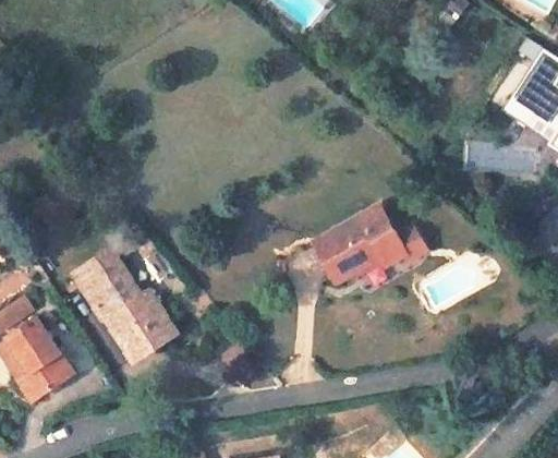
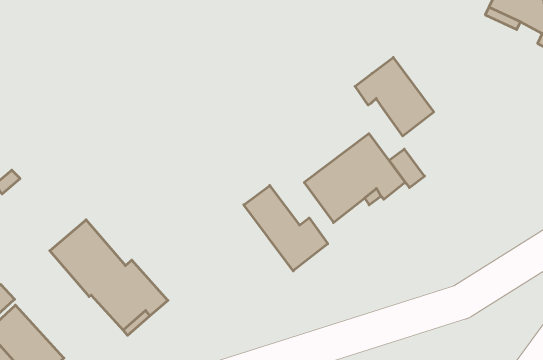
building: none -> [355,57,434,136]
building: none -> [244,185,328,271]

